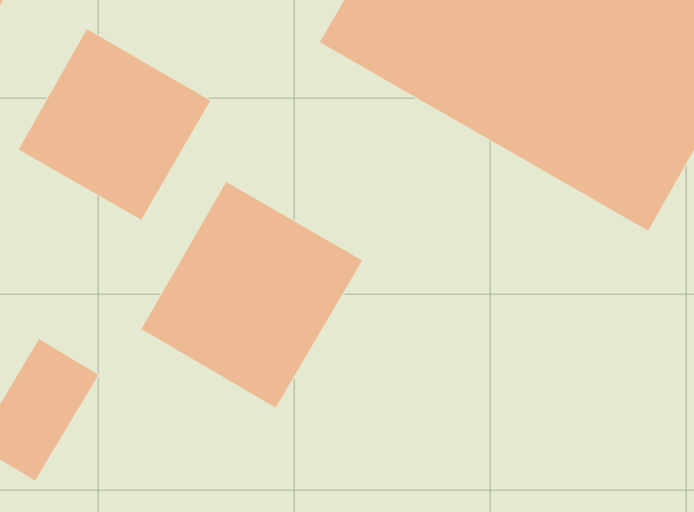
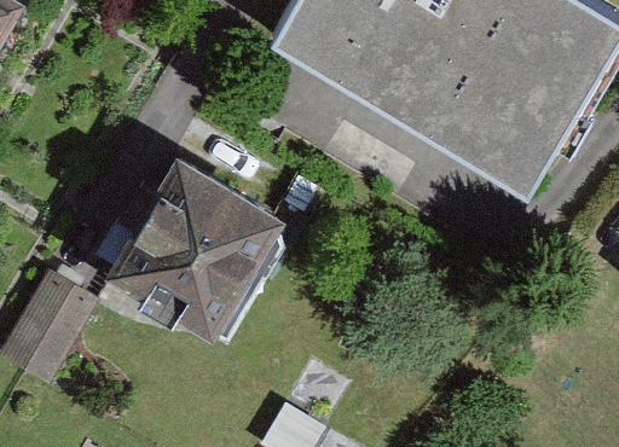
building: [18,28,211,220] -> none

